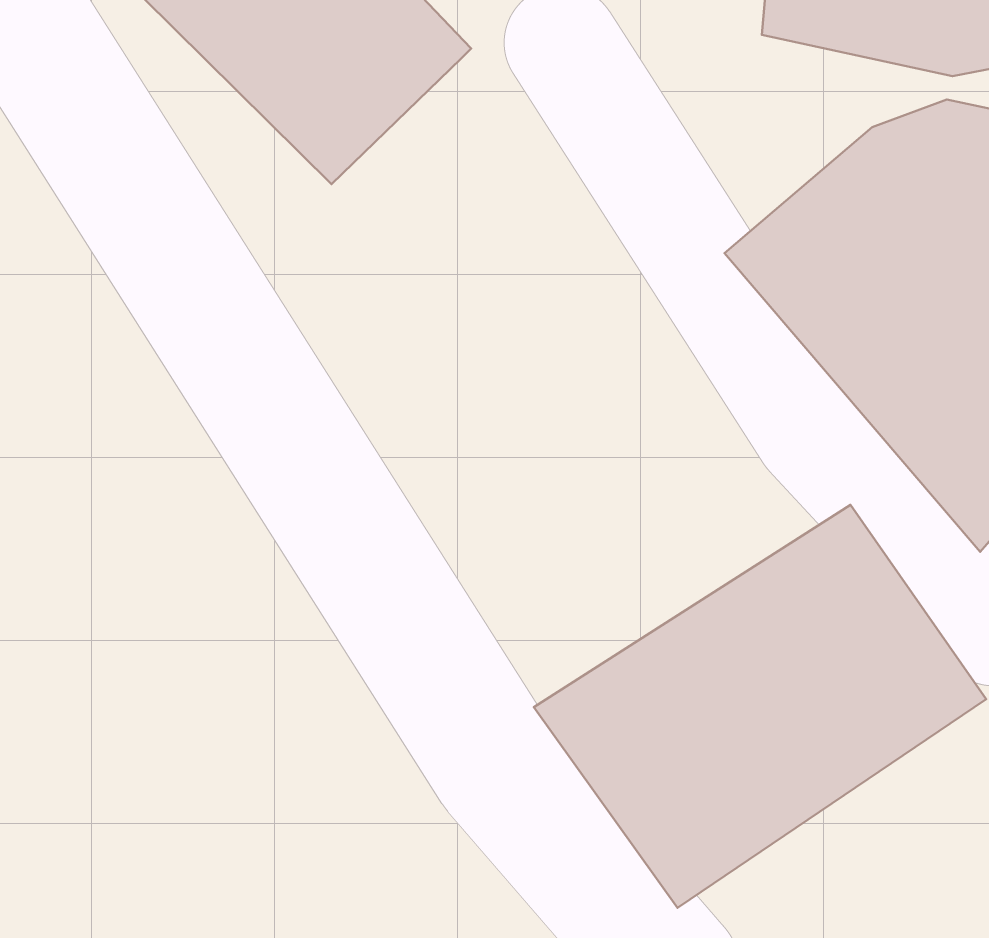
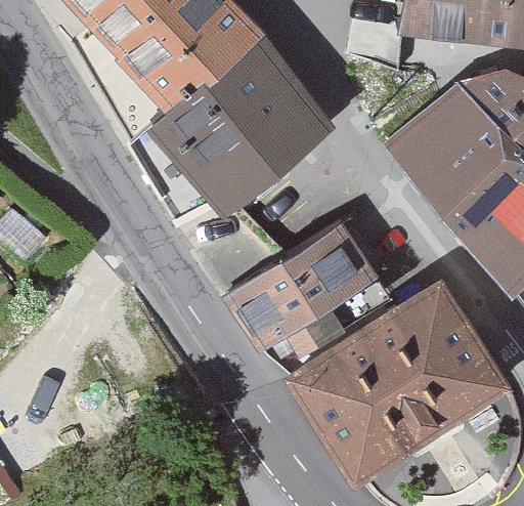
building: none -> [144,46,340,215]
building: none -> [223,222,379,365]

